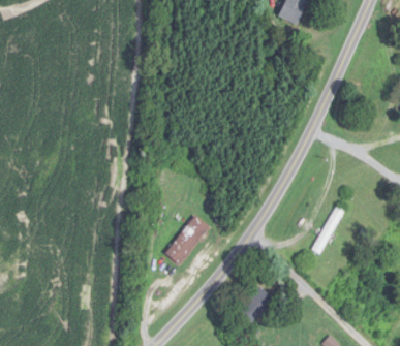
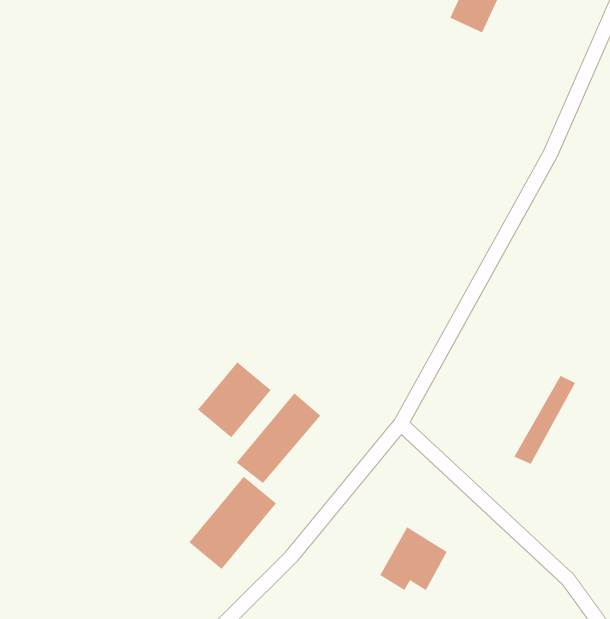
building: none -> [197,362,272,438]
building: none -> [188,476,277,570]

